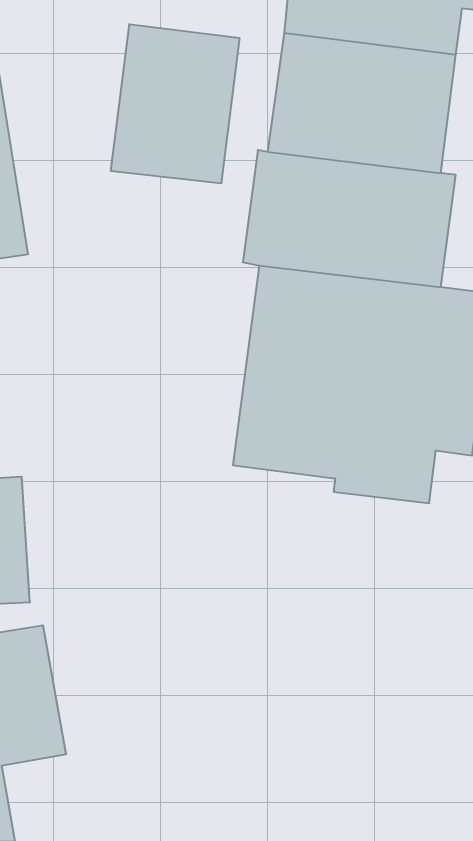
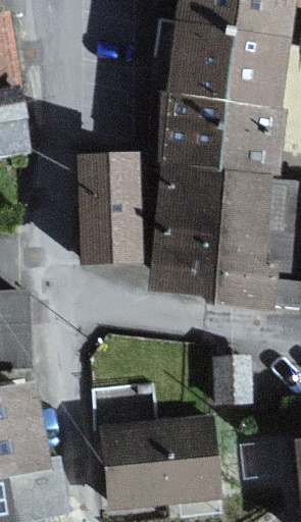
building: [111,24,239,183] -> none
building: none -> [83,156,136,258]
building: none -> [105,420,212,507]

